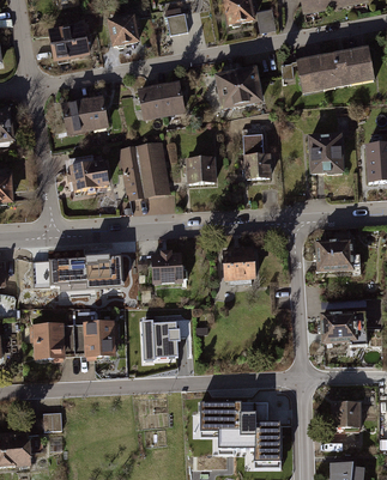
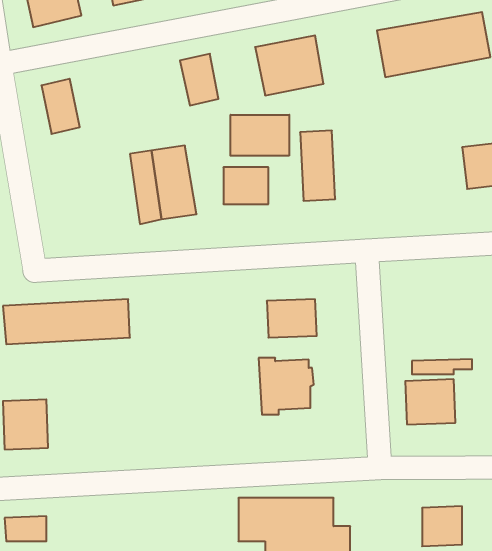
building: [139,83,165,119] -> none
building: [79,92,108,130] -> none
building: none -> [230,115,289,156]
building: [307,130,343,172] -> none
building: [66,153,108,194] -> none
building: [318,241,353,274] -> none
building: [149,256,182,284] -> none
building: [140,320,180,360] -> [259,358,314,415]
building: [84,323,113,360] -> none

